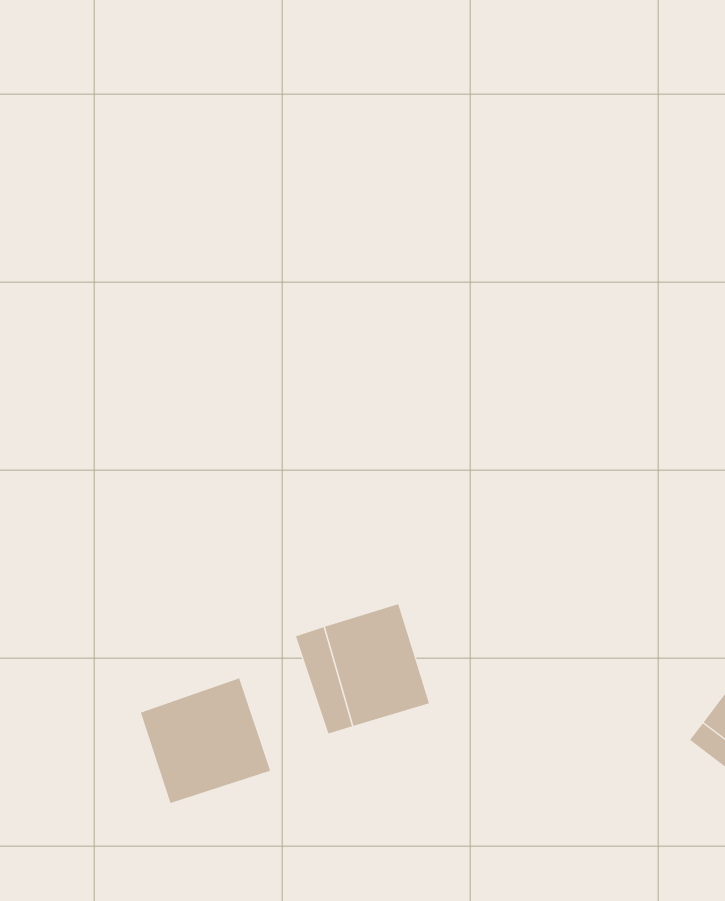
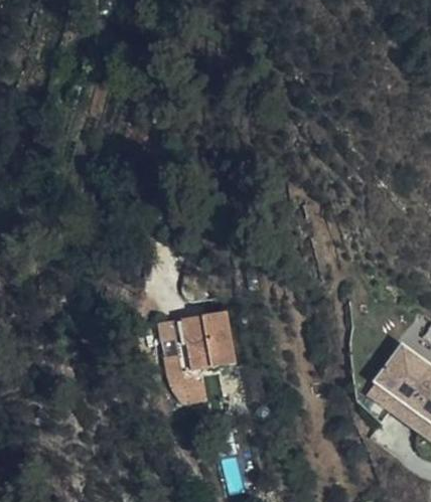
building: [140,678,271,804] -> none

